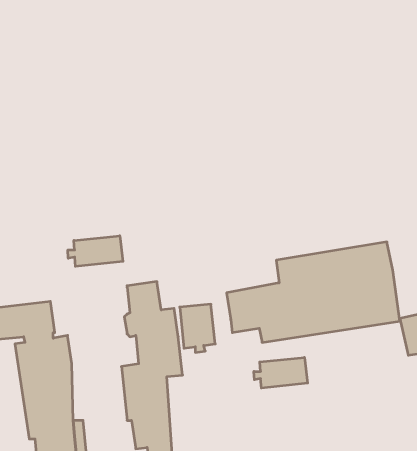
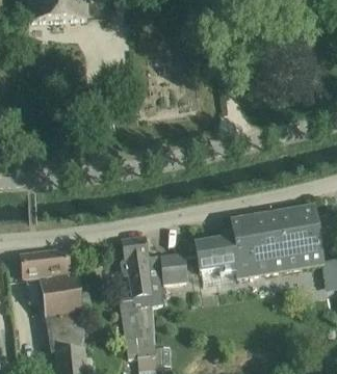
building: [68,236,123,266] -> none
building: [254,357,308,388] -> none

